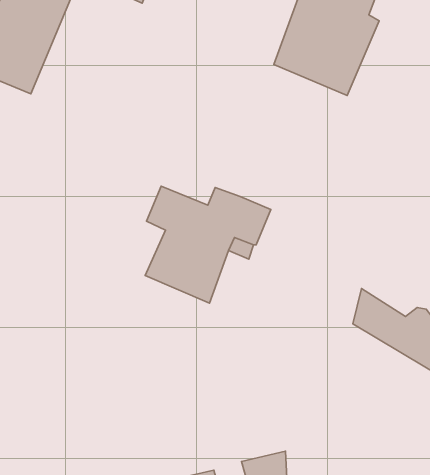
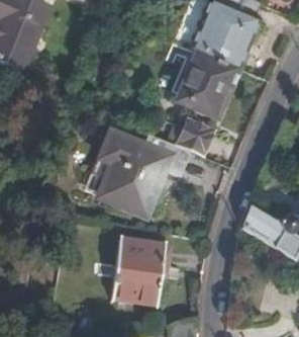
building: none -> [177,56,240,118]
building: none -> [167,117,214,156]
building: none -> [111,240,171,307]

